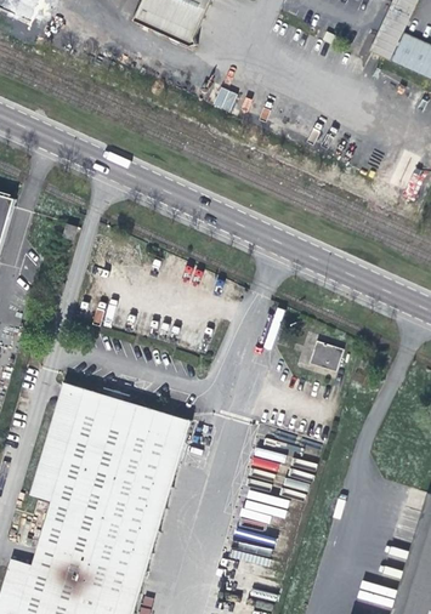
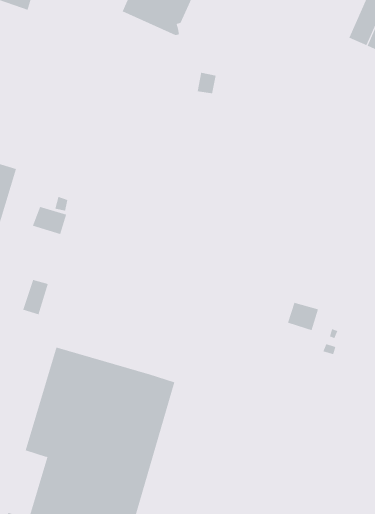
building: none -> [32,206,67,235]
building: none -> [23,279,48,315]

